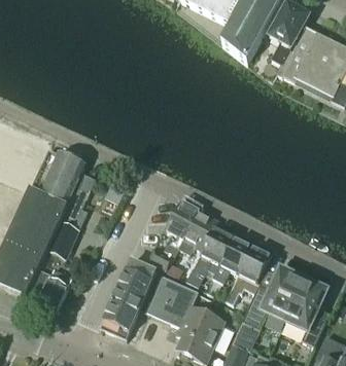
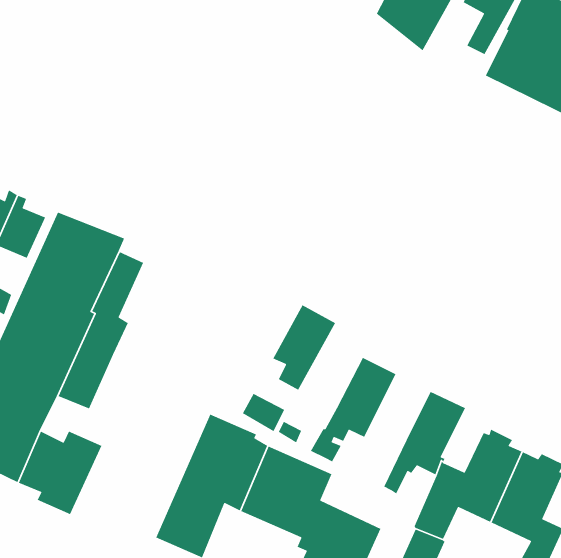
building: [179,209,217,252] -> none
building: [207,236,251,293] -> none

